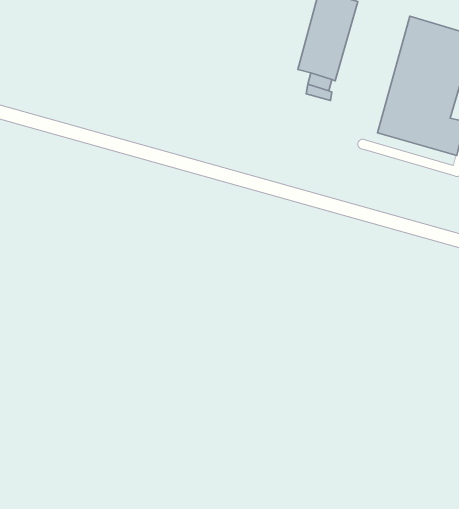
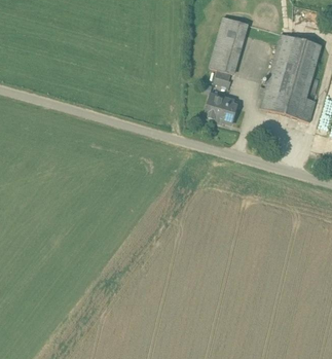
building: none -> [204,92,236,122]

